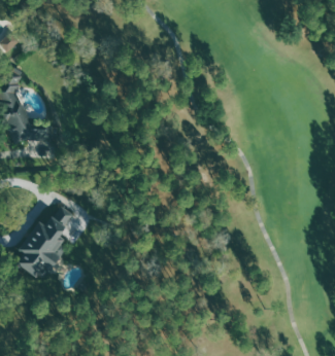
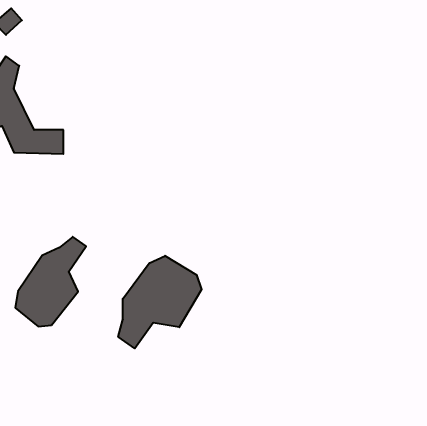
building: none -> [118,256,202,348]

